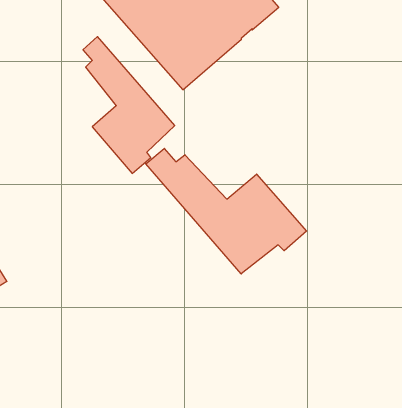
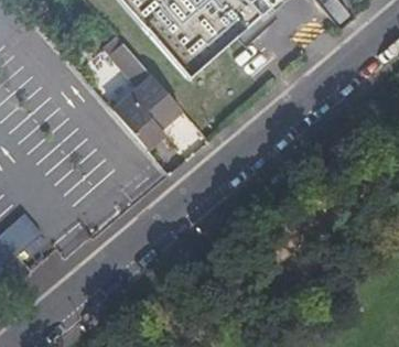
building: [146,148,307,274] -> none

